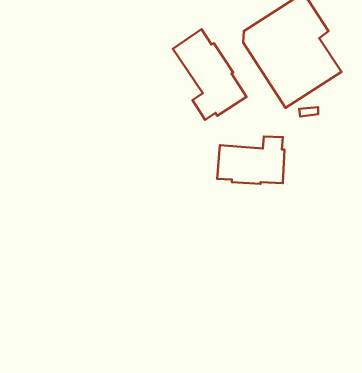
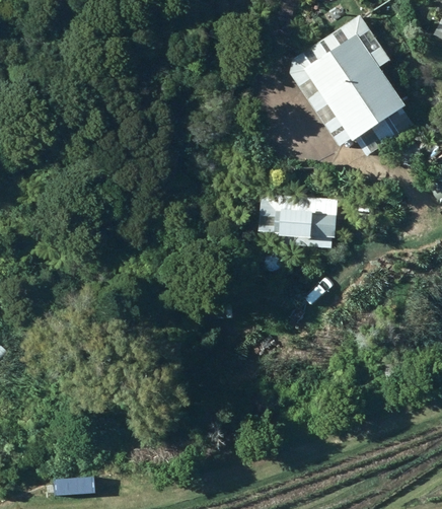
building: [173,29,246,120] -> none

